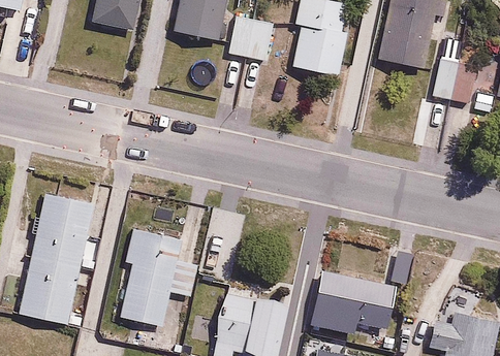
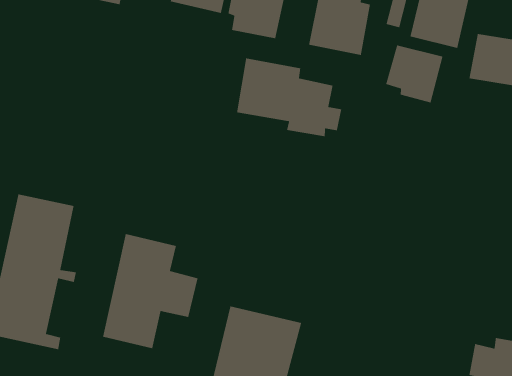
building: none -> [385,44,443,103]
building: none -> [236,57,342,137]
building: [310,271,397,333] -> none

